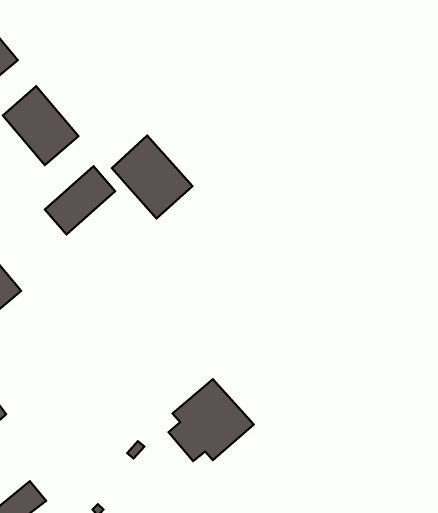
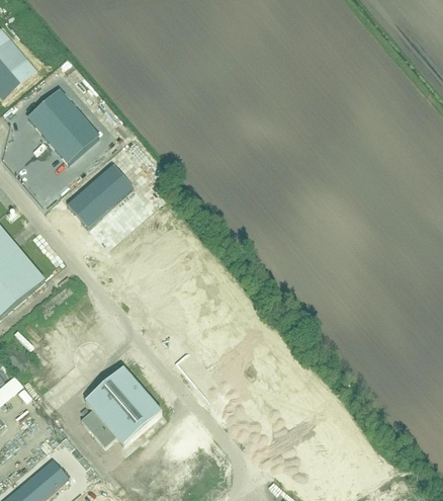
building: [112,136,193,218] -> none
building: [168,379,254,461] -> [81,369,161,446]

